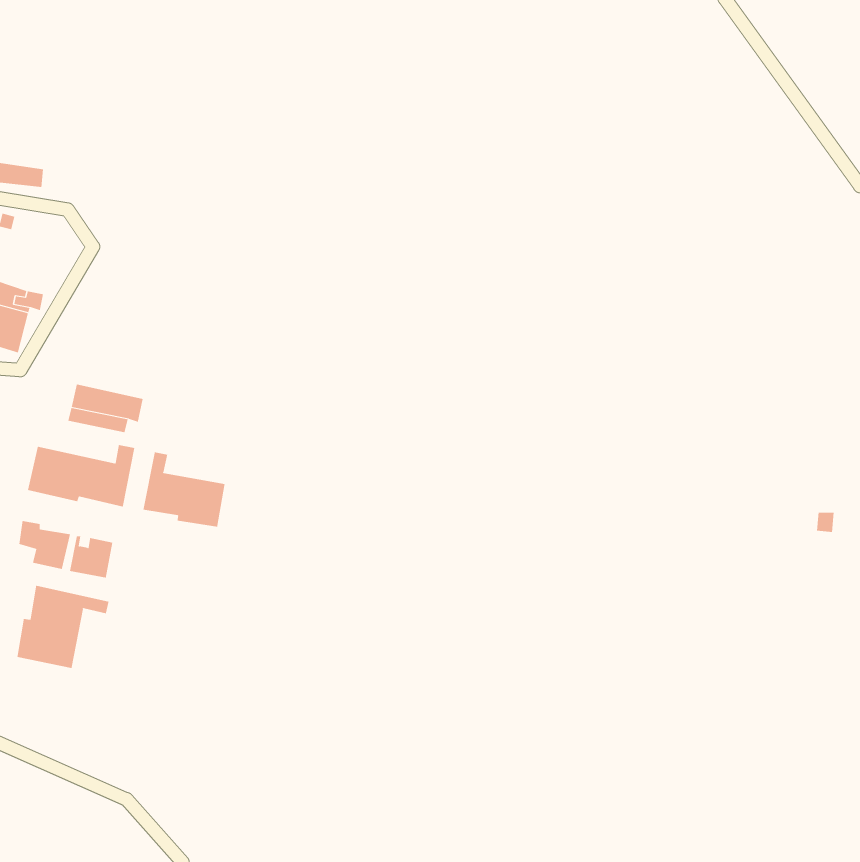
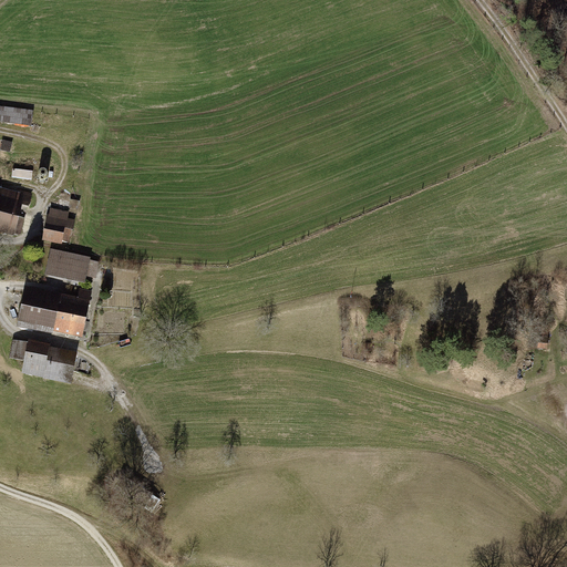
building: none -> [42,208,68,240]
building: [143,451,225,528] -> none
building: [17,585,109,669] -> none

